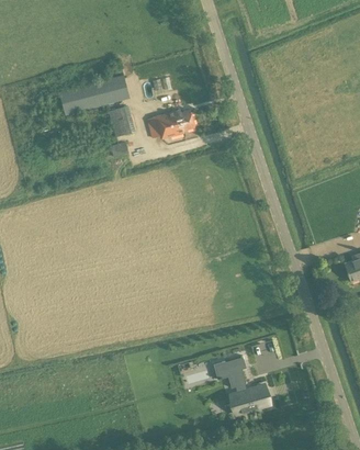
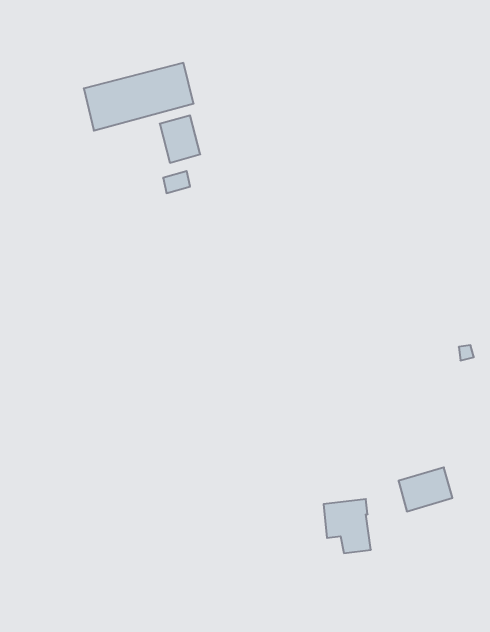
building: [146,110,192,137] -> none
building: [230,385,266,414] -> [398,467,452,511]

